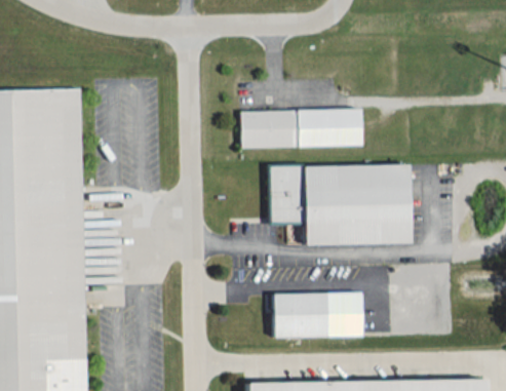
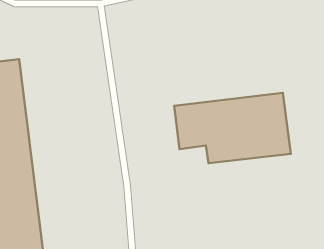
building: [240,108,360,148] -> none
building: [272,292,360,338] -> none

